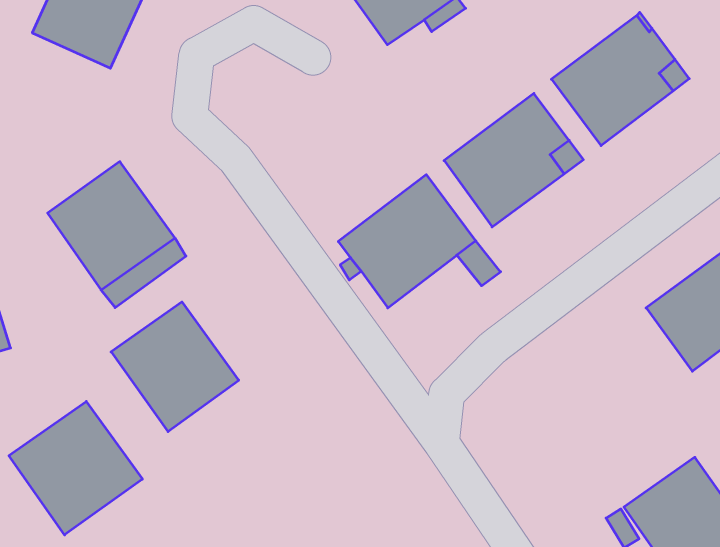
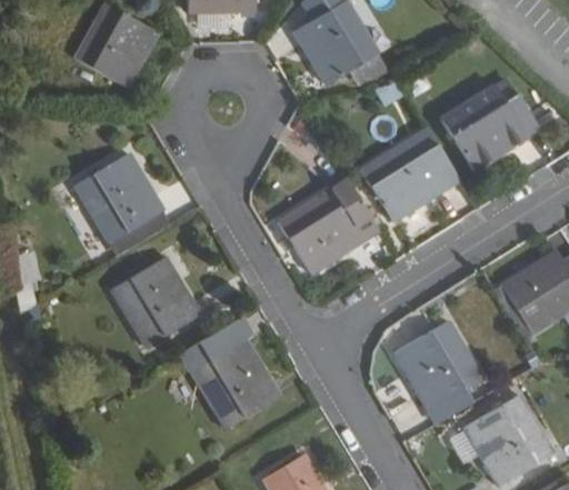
building: none -> [393,319,487,411]
building: none -> [179,318,276,431]
building: [9,401,142,535] -> none

